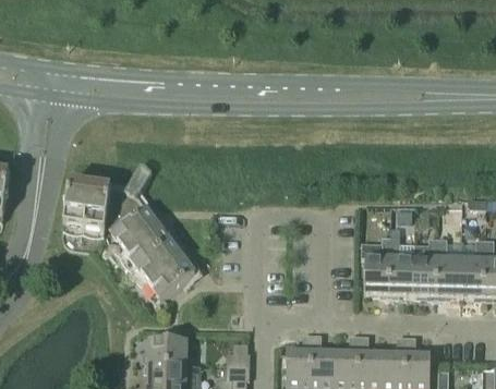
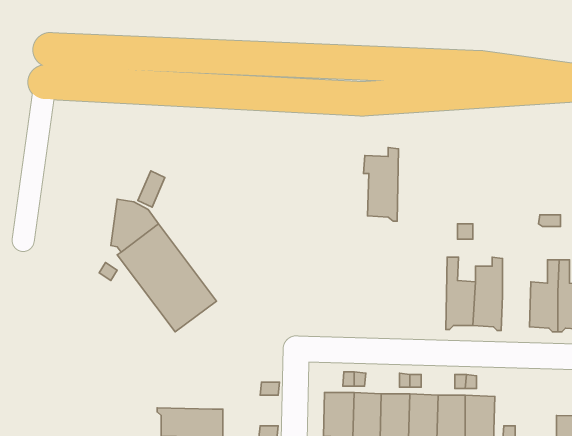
building: [62,182,110,231] -> none
building: [360,235,389,297] -> [364,148,398,221]
building: [435,238,460,299] -> none
building: [144,339,191,365] -> none

